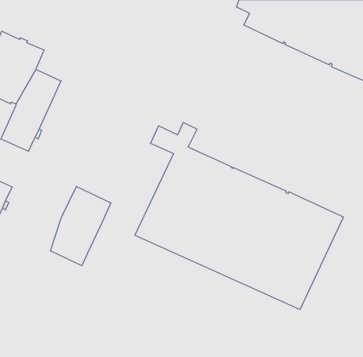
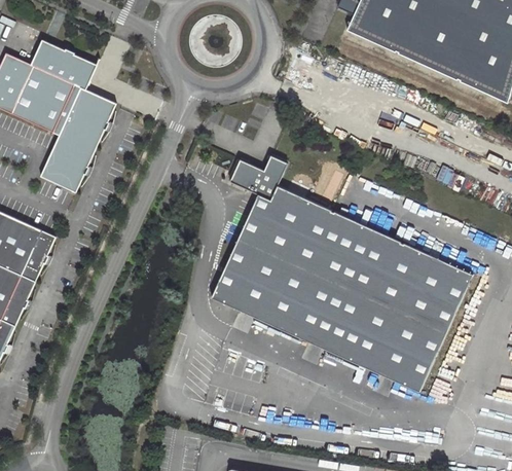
building: [50,186,111,266] -> none

